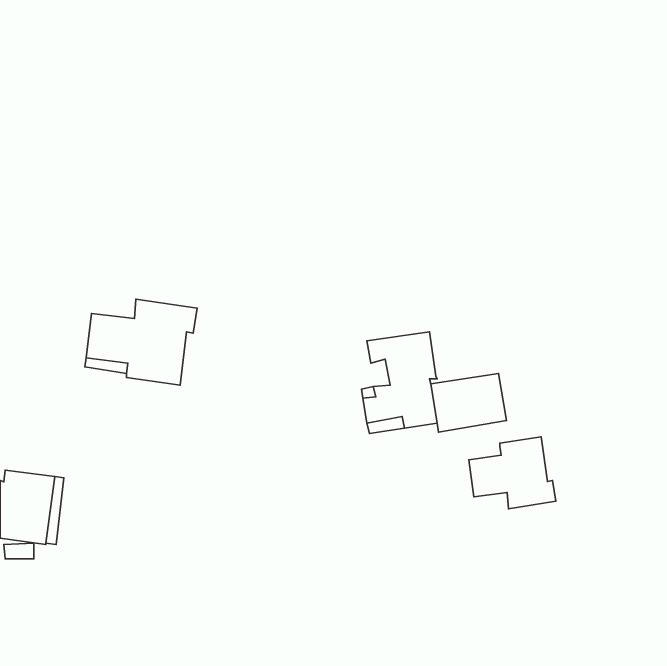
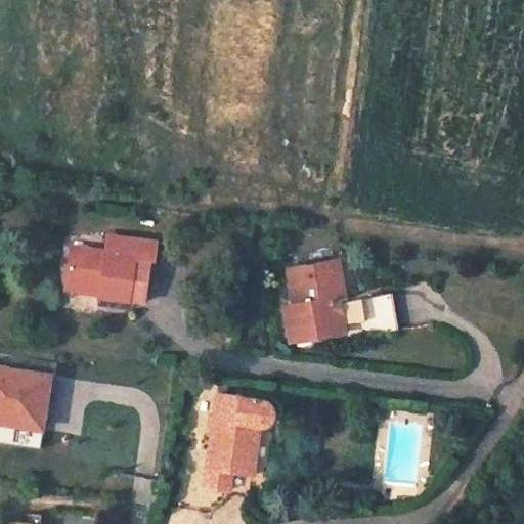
building: [469,437,556,509] -> none
building: none -> [205,395,270,496]

